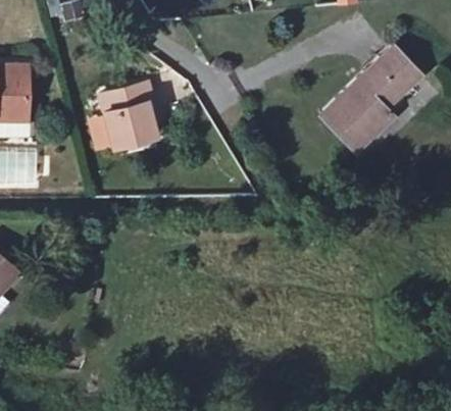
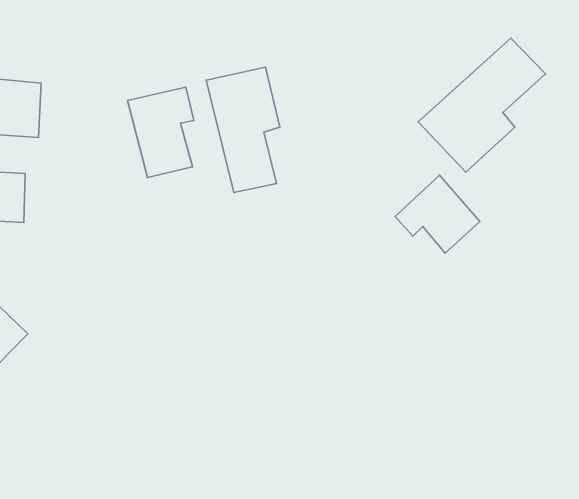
building: none -> [206,67,280,193]
building: none -> [395,175,480,253]

